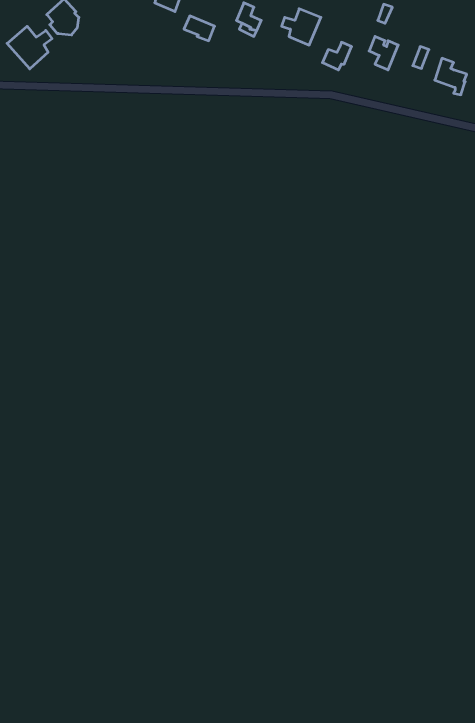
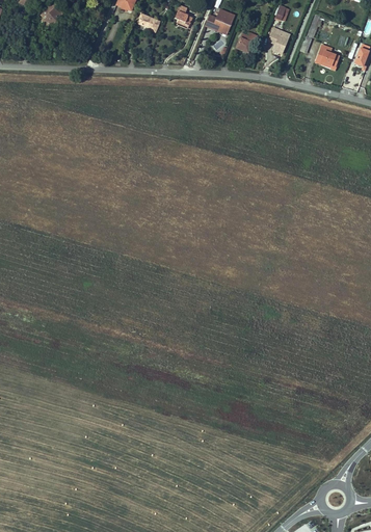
building: [7,26,52,69] -> none

